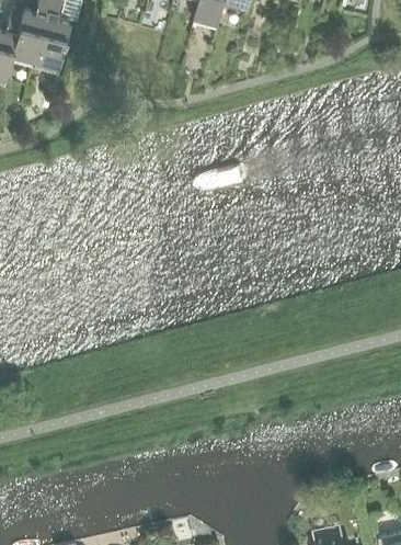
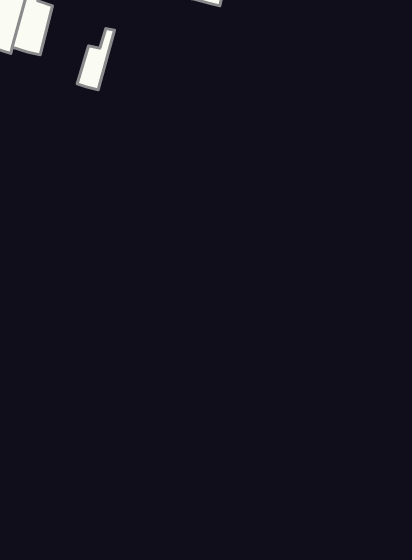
building: none -> [77,28,115,90]

